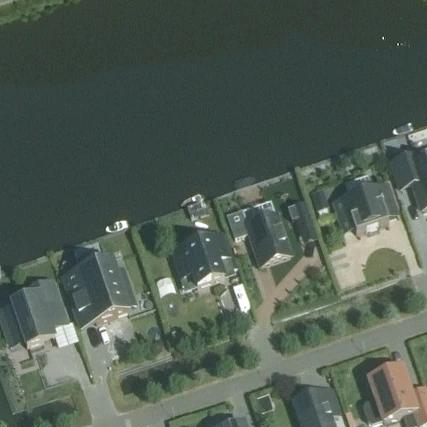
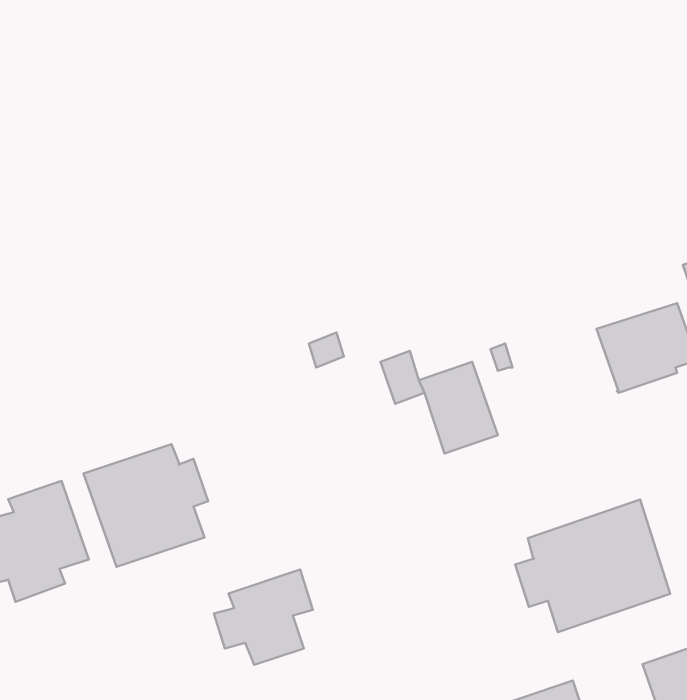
building: [176,231,230,283] -> [214,570,313,665]
building: none -> [515,500,670,632]

